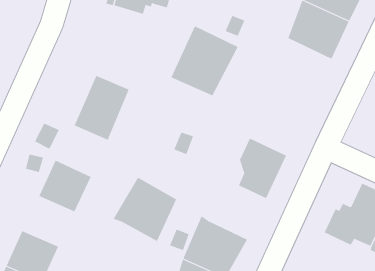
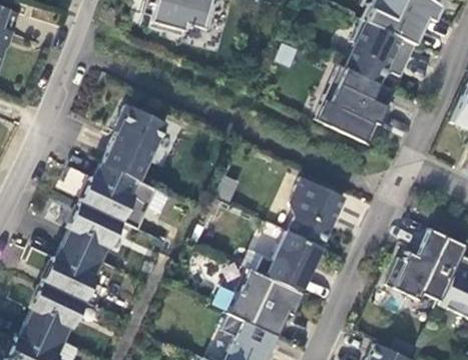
building: [171,26,239,96] -> [319,63,396,143]
building: none -> [82,162,142,221]
building: [113,177,177,242] -> none
building: none -> [257,231,322,292]
building: none -> [44,243,104,300]

